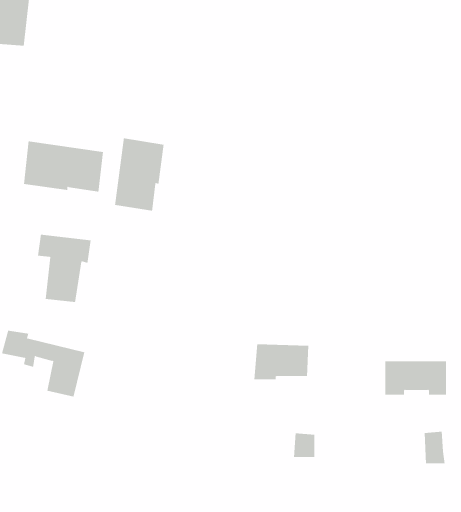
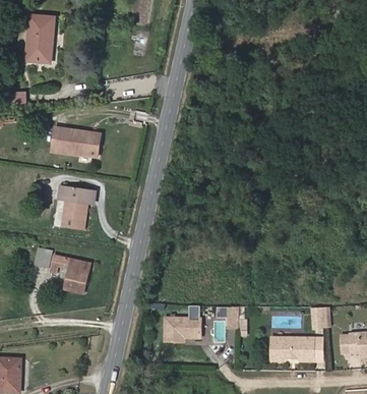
building: [114,137,164,212] -> none
building: [253,344,309,380] -> [165,317,201,340]
building: [385,361,447,395] -> [270,341,311,363]

